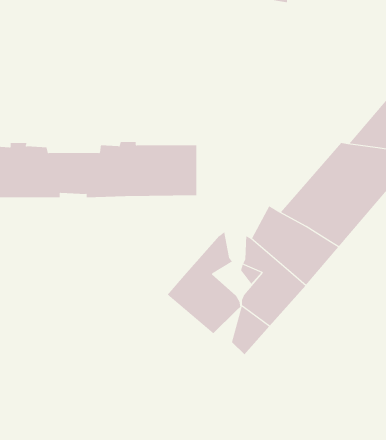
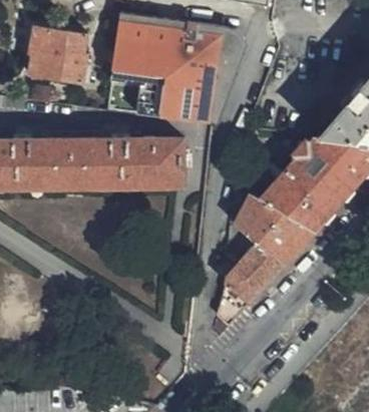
building: none -> [111,13,245,122]
building: none -> [27,25,85,80]
building: [167,231,241,334] -> none

